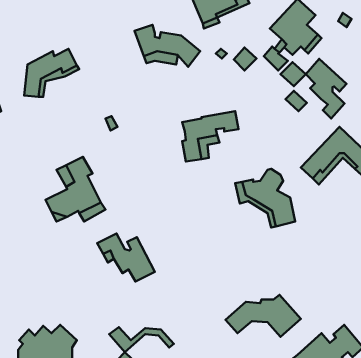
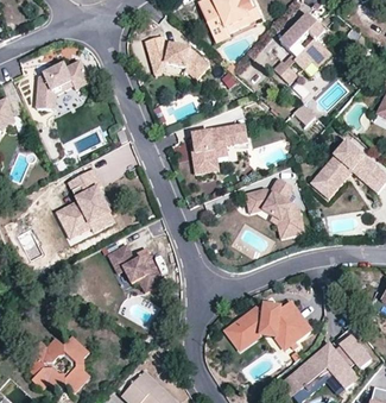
building: [306,59,346,118] -> none
building: [109,327,174,352] -> [226,330,290,355]

